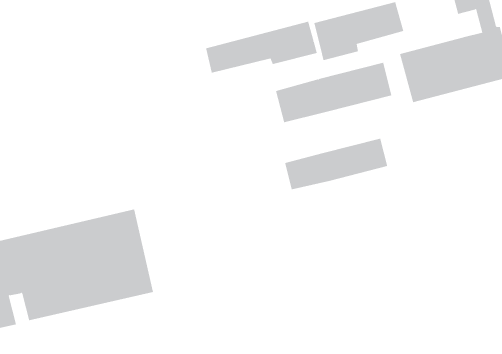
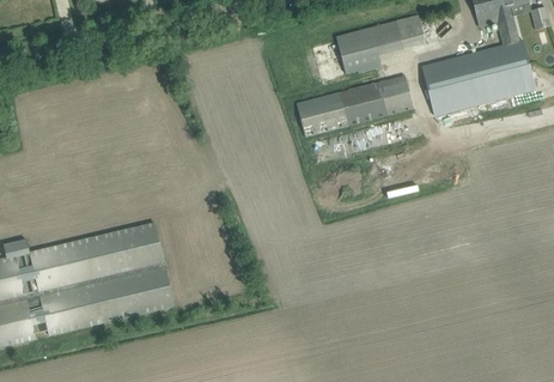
building: [206,21,317,74] -> none
building: [285,138,388,190] -> none

